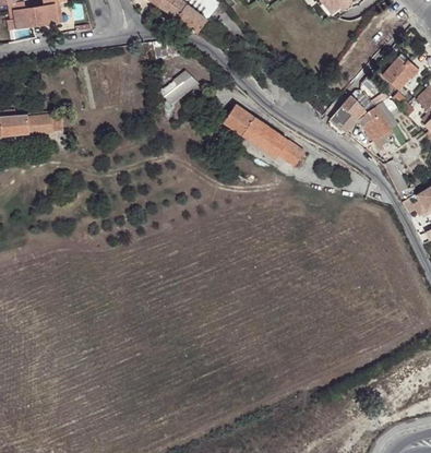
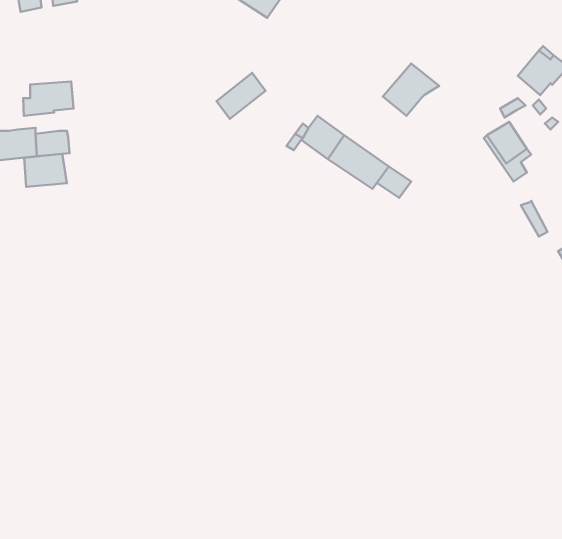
building: none -> [23,81,74,116]
building: [330,95,371,133] -> [383,64,439,116]
building: none -> [24,154,67,187]

